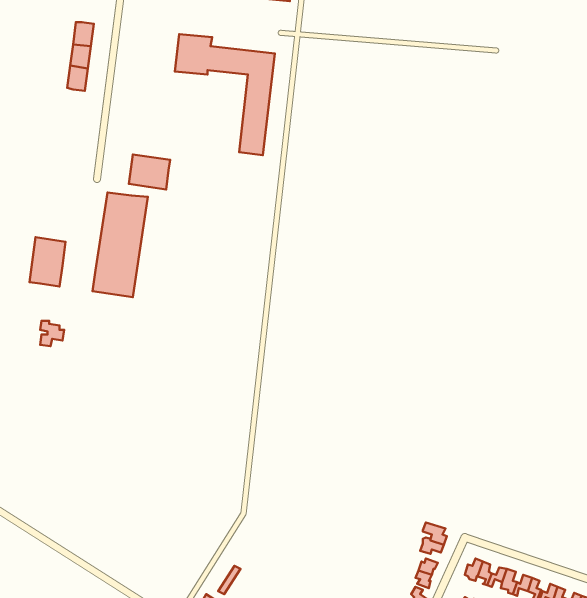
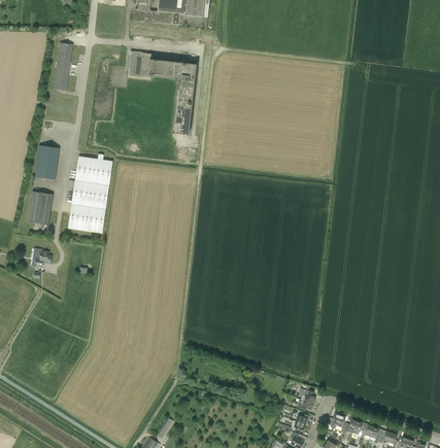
building: [129,154,170,189] -> none
building: none -> [33,144,59,179]

